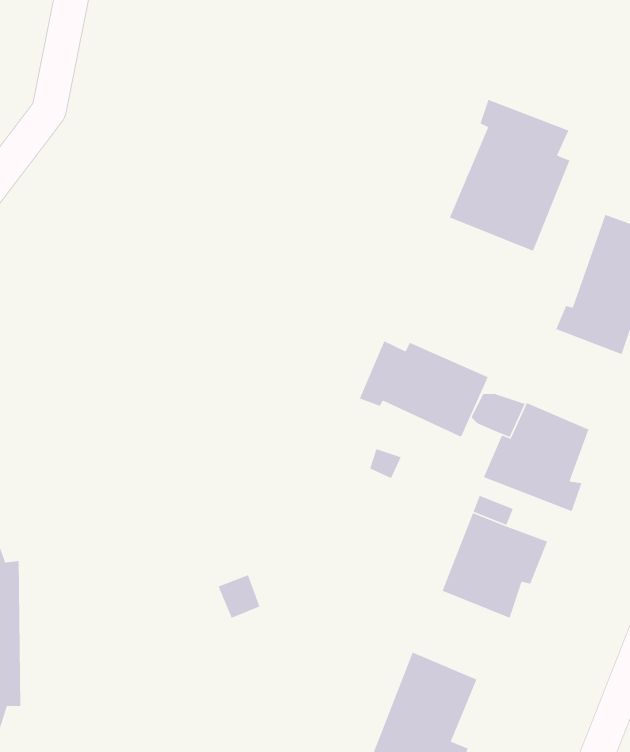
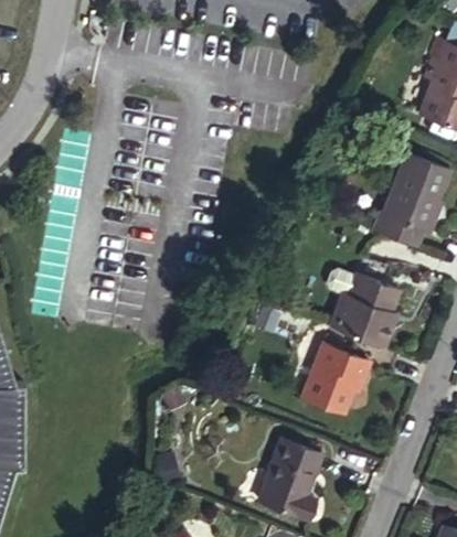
building: [449,99,570,252] -> none
building: [359,340,489,438] -> none

